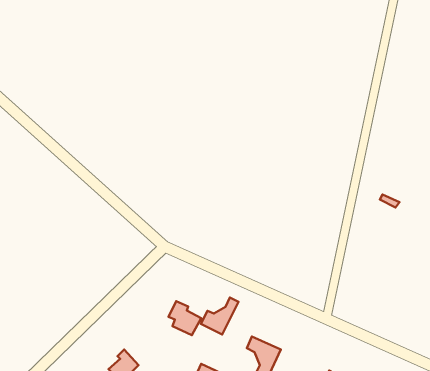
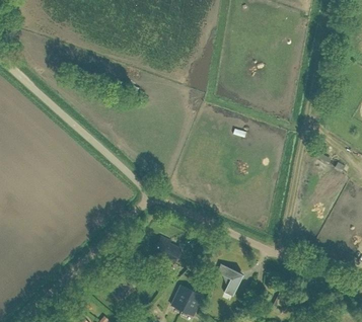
building: [201,298,238,335] -> none

